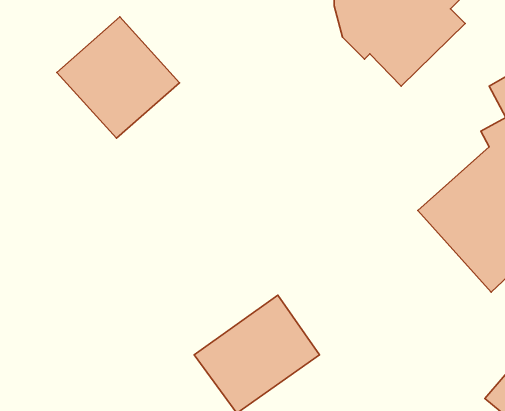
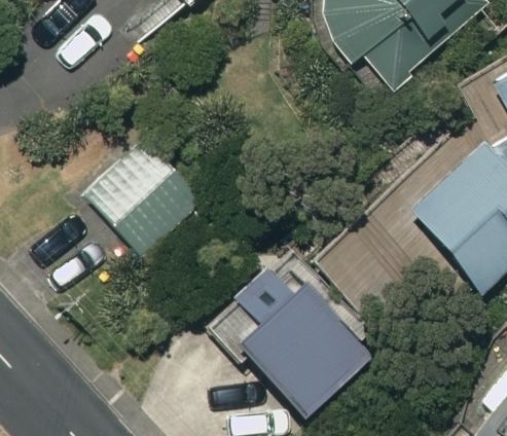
building: [57,17,179,138] -> [87,135,208,254]

